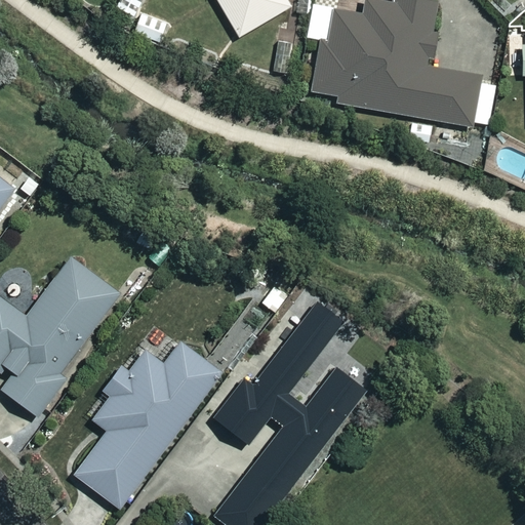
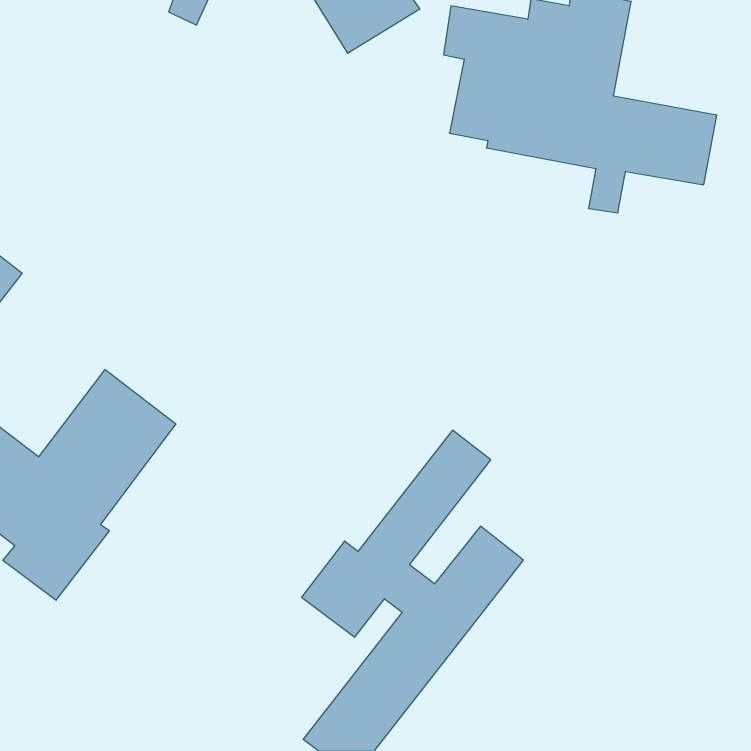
building: [76,342,223,508] -> none

